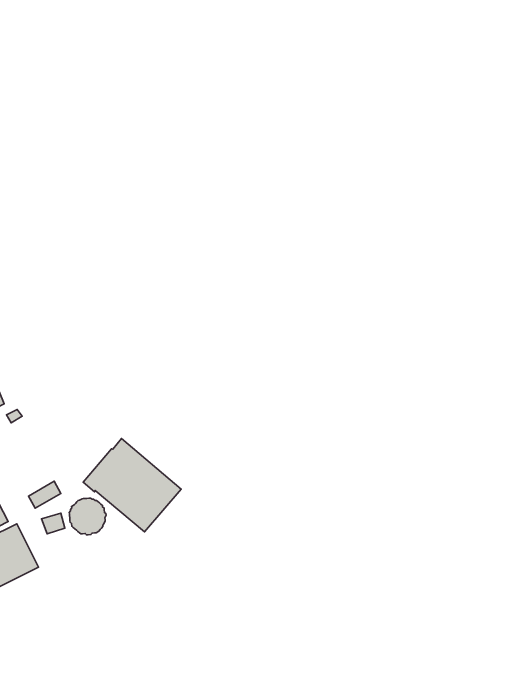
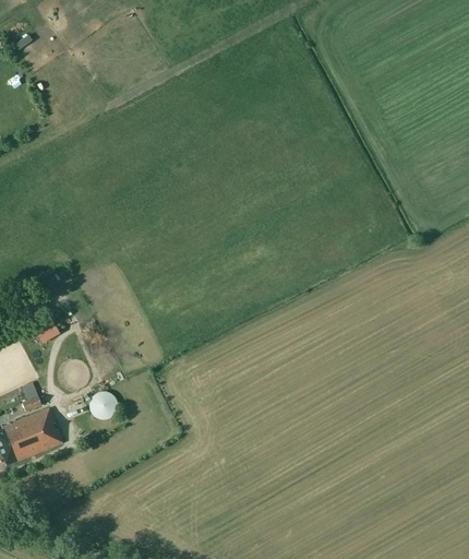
building: [83,438,181,532] -> none

